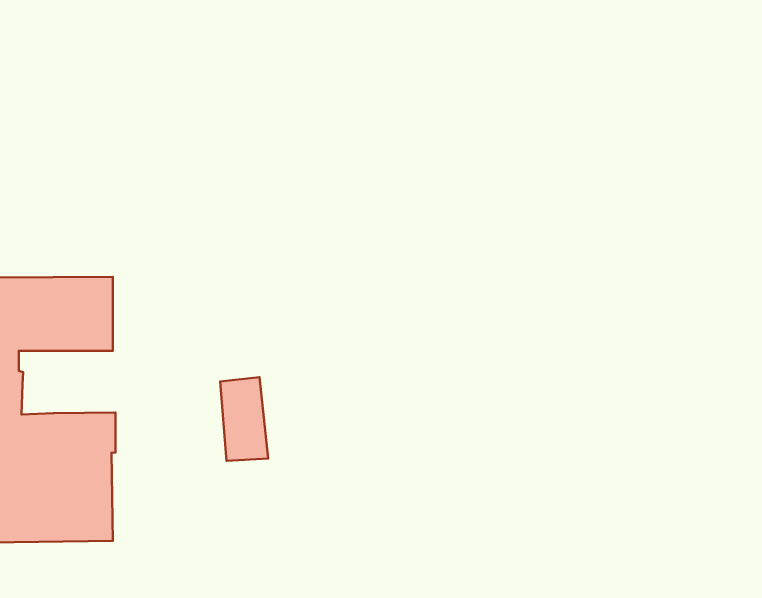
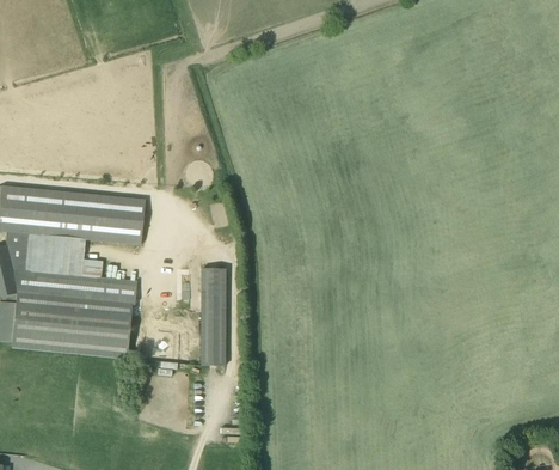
building: none -> [201,316,226,365]

